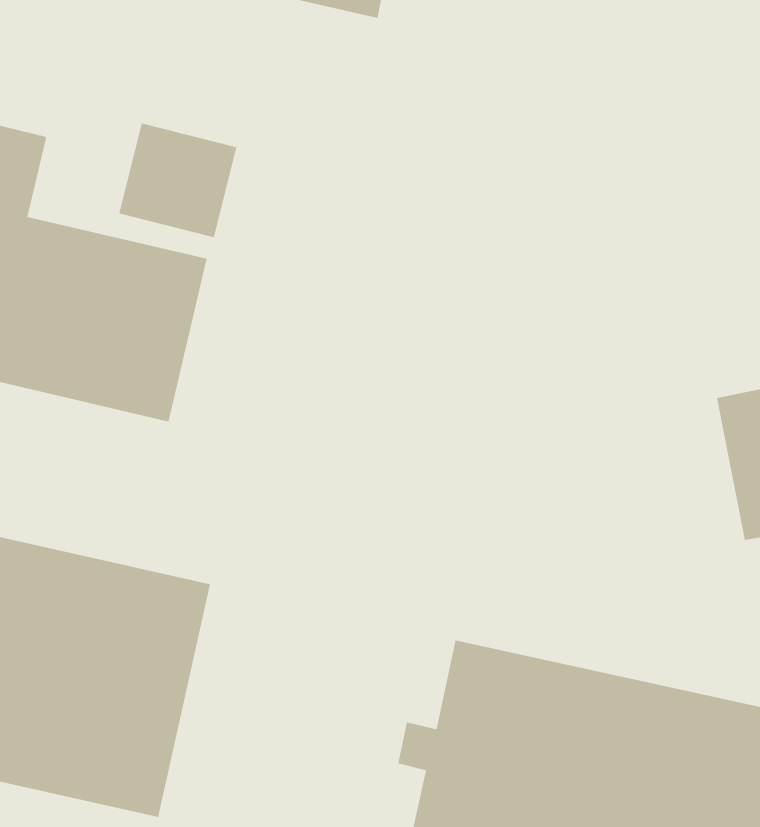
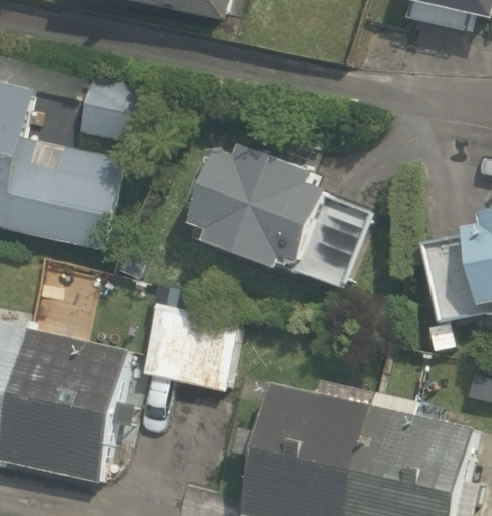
building: none -> [192,142,371,288]
building: none -> [141,305,238,392]

